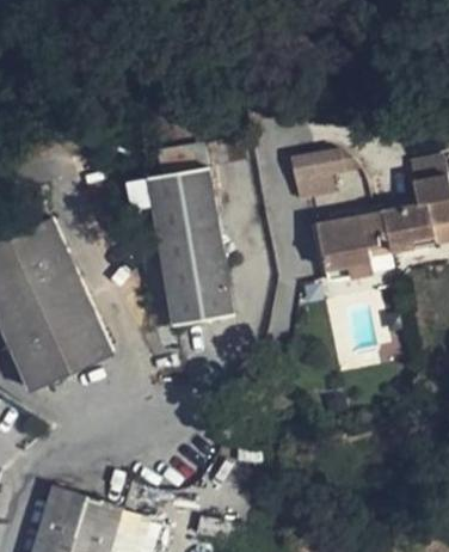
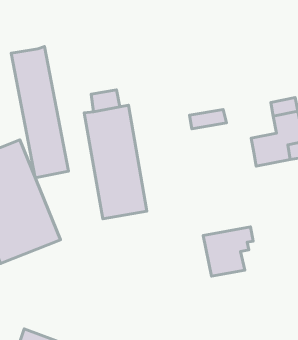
building: none -> [11,47,69,178]
building: [290,148,363,182] -> none
building: [314,214,385,283] -> [203,227,253,276]

